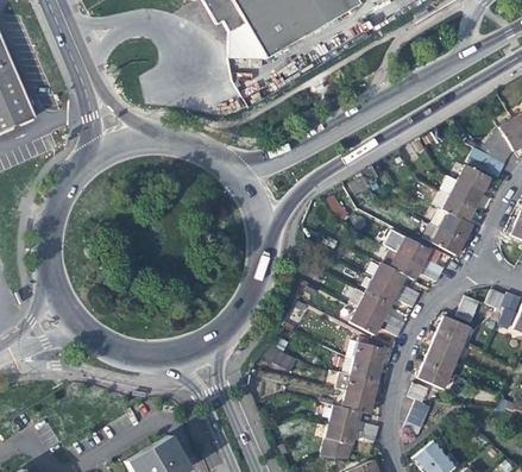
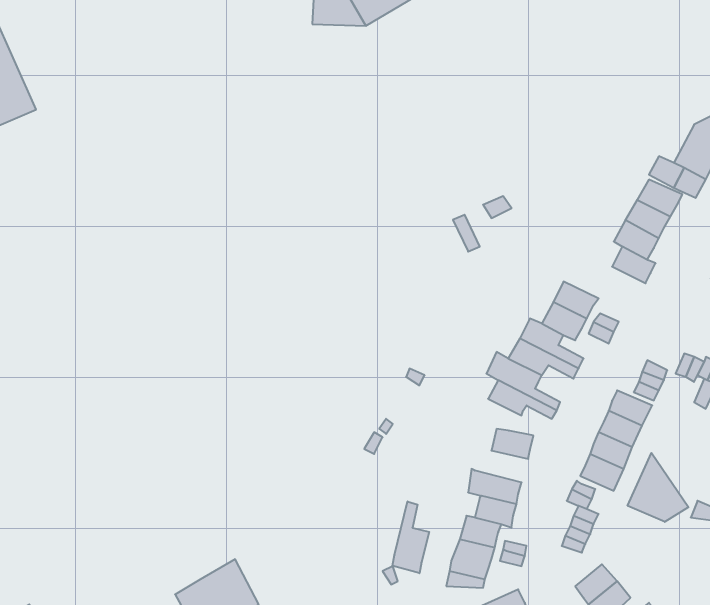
building: [423,222,465,254] -> none
building: [344,357,382,382] -> none
building: none -> [628,453,688,522]
building: none -> [393,501,429,573]

